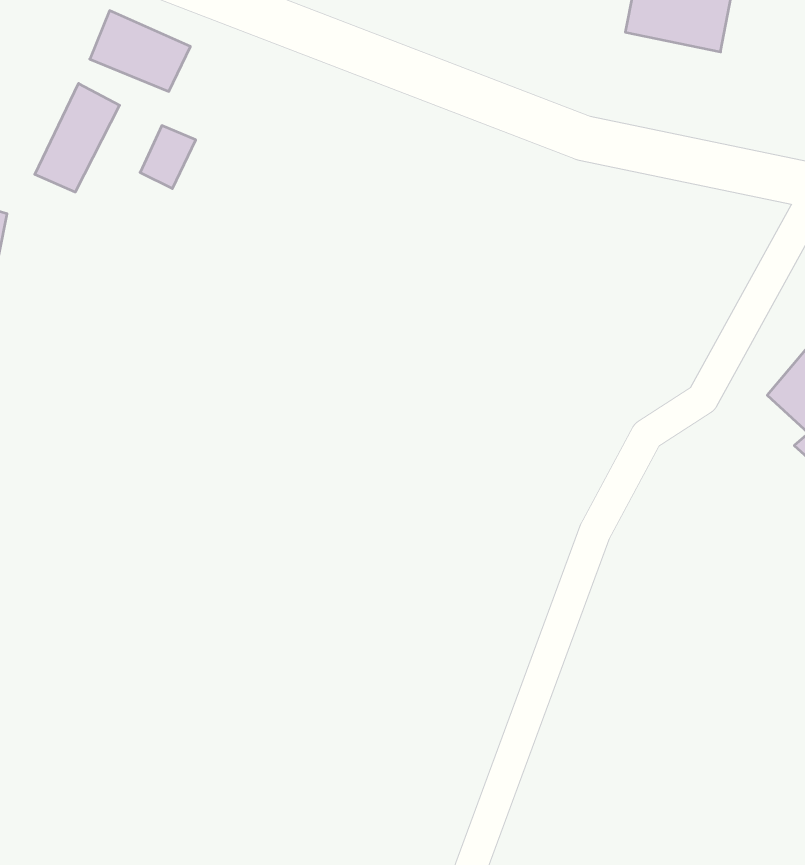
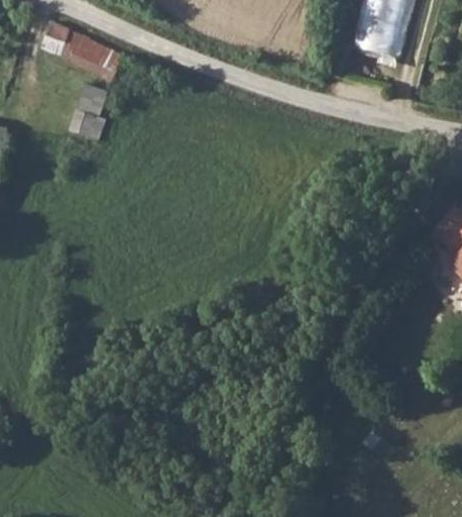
building: [35,83,120,192] -> none

